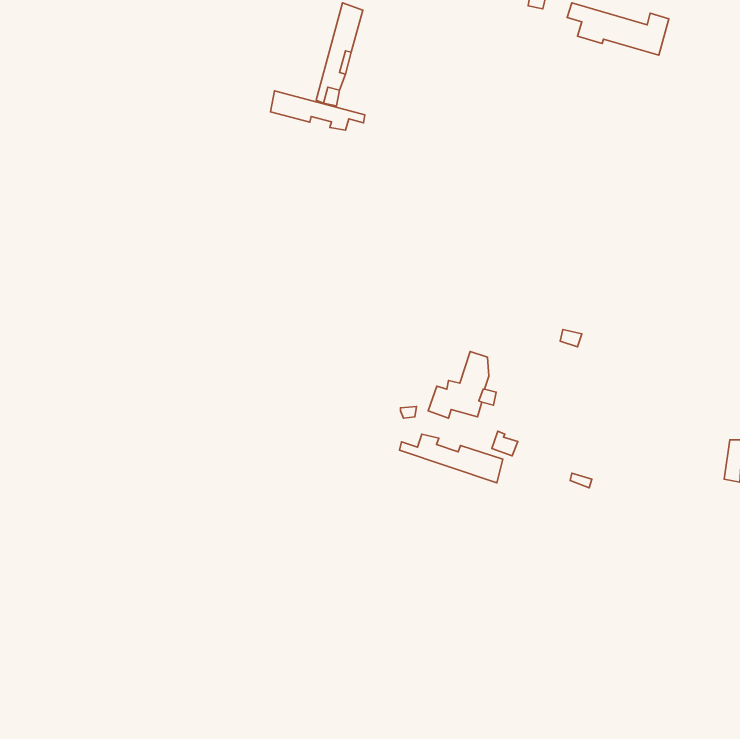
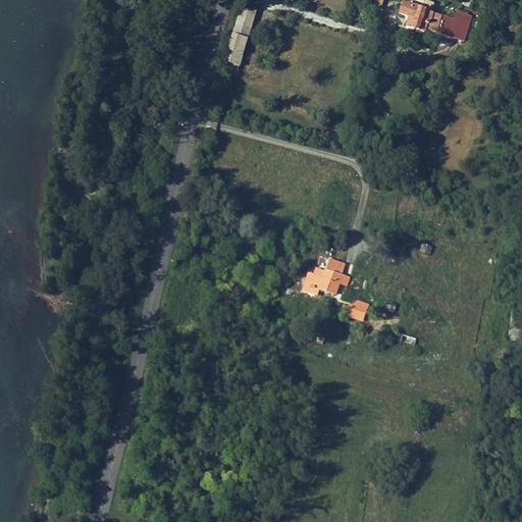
building: [270,91,365,130] -> none
building: [400,434,503,483] -> none

